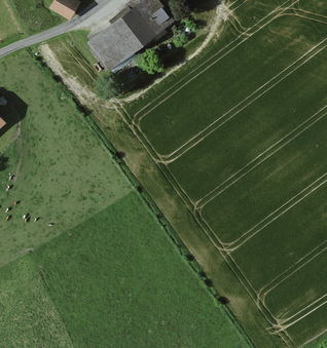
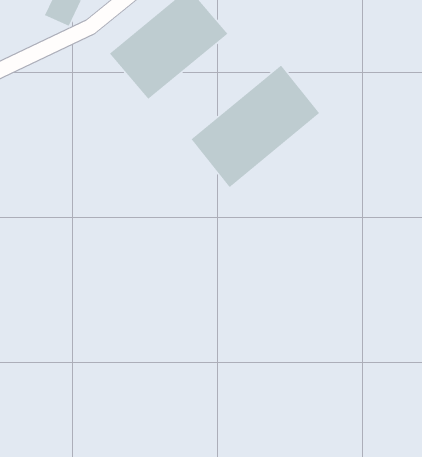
building: none -> [191,64,320,188]

